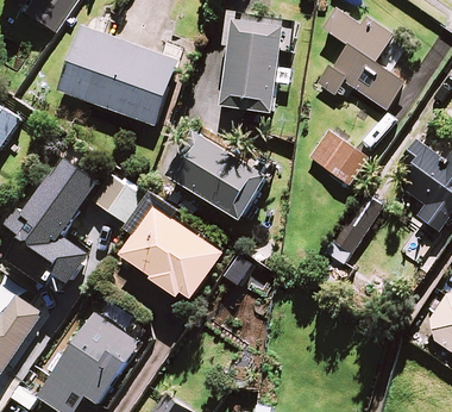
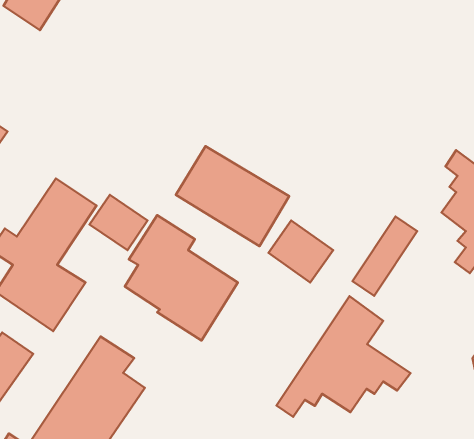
building: [315,10,404,111] -> none
building: [221,19,288,114] -> none
building: [58,27,177,126] -> none
building: [308,130,365,185] -> [268,220,333,282]
building: none -> [277,296,410,417]

